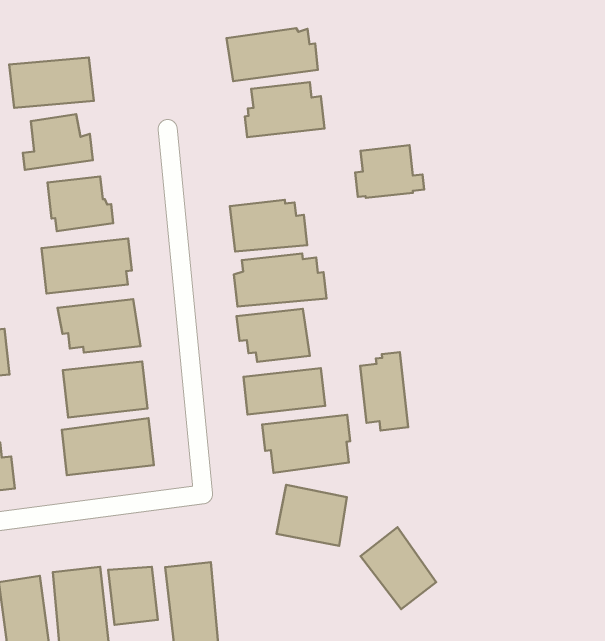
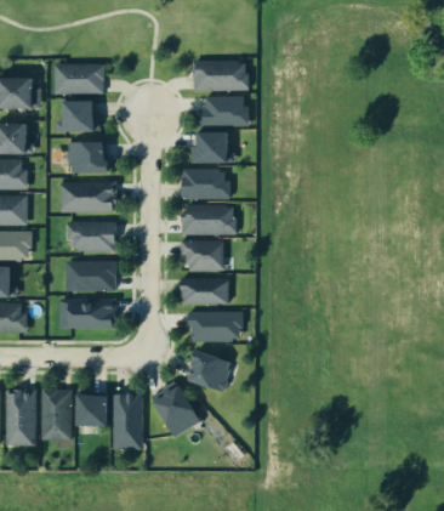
building: [355,145,424,198] -> [190,132,233,163]
building: [360,352,408,430] -> none
building: [361,527,436,609] -> [155,386,201,438]

